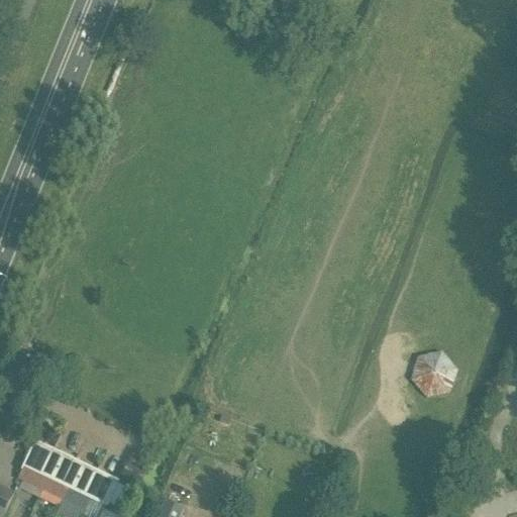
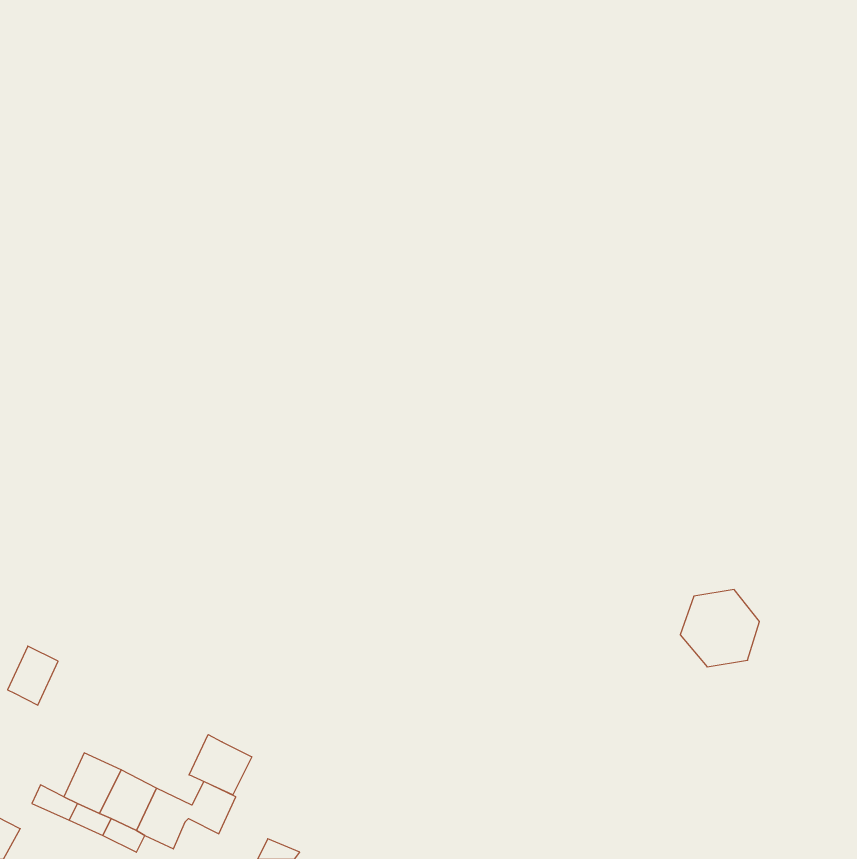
building: none -> [189,735,252,795]
building: [20,442,50,478] -> [8,646,58,705]

